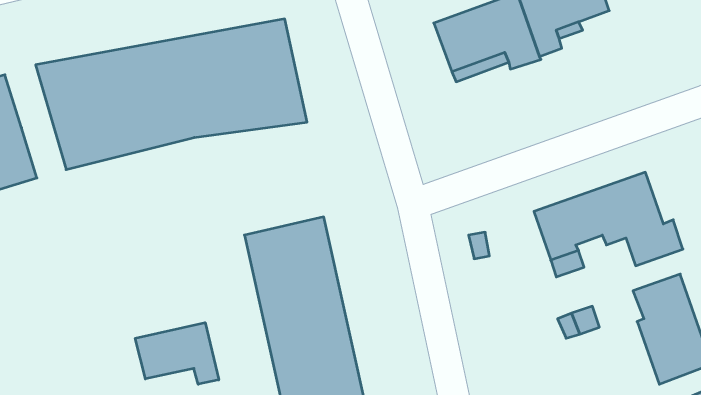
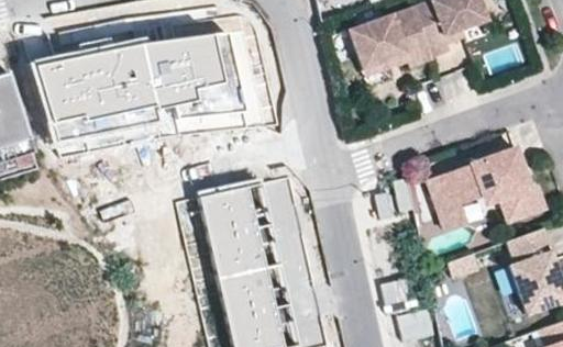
building: [135,323,219,384] -> none

